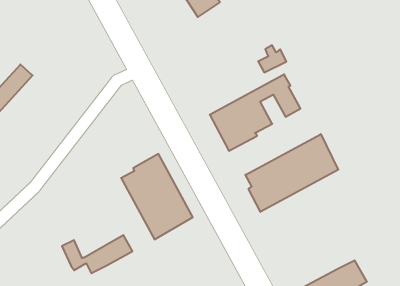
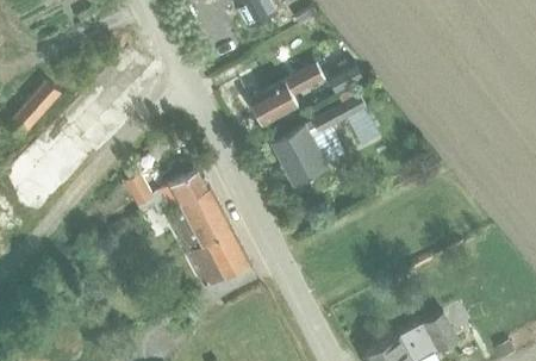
building: none -> [239,66,324,126]
building: [245,134,338,212] -> none
building: [62,235,132,273] -> [126,170,210,216]

